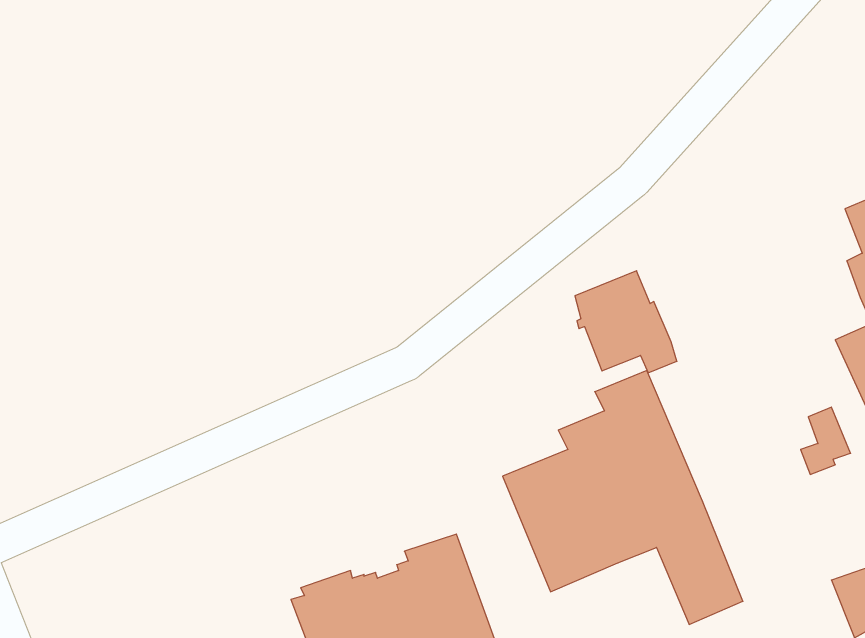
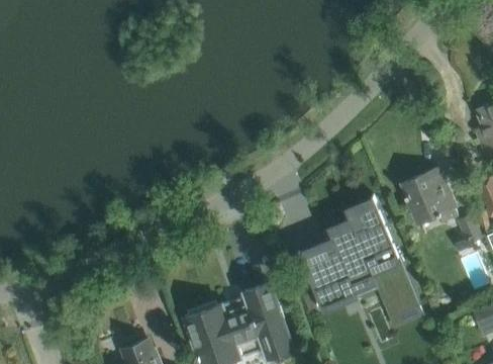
building: [575,271,677,373] -> [403,170,457,223]

